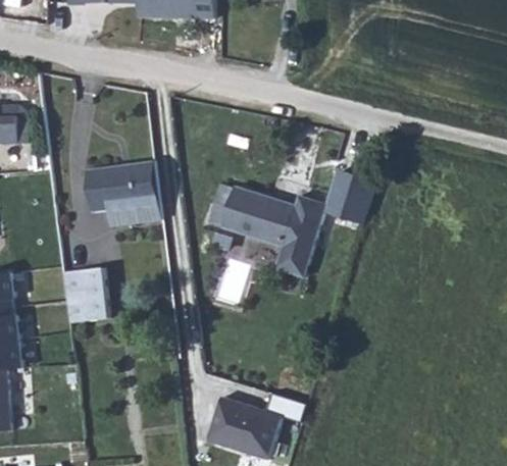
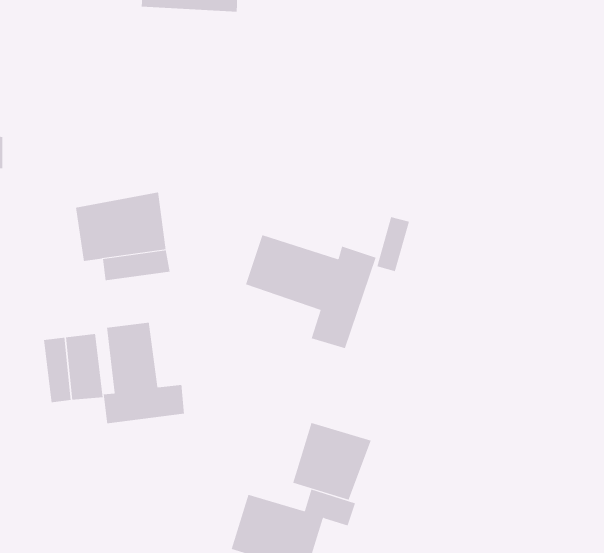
building: [340,180,372,225] -> none
building: none -> [103,322,185,424]
building: none -> [293,422,371,501]

